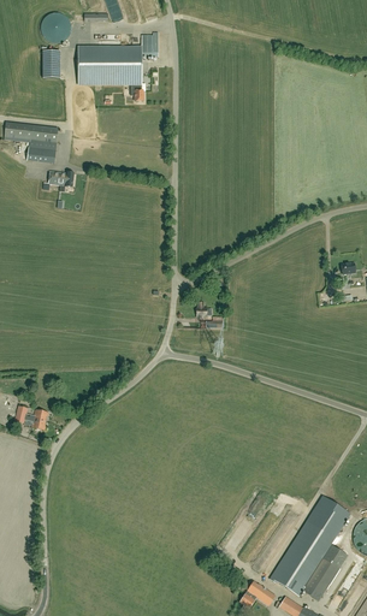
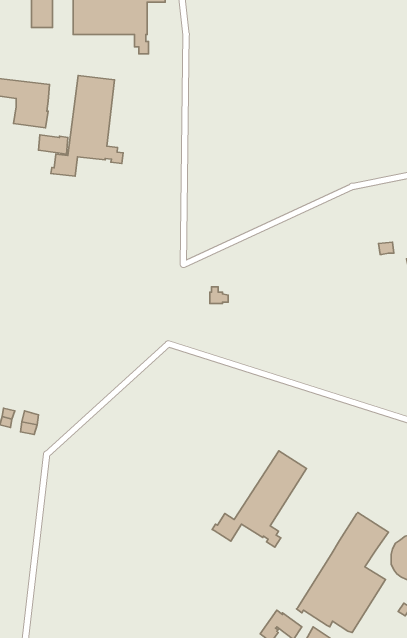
building: none -> [51,76,123,176]
building: none -> [212,451,307,547]

